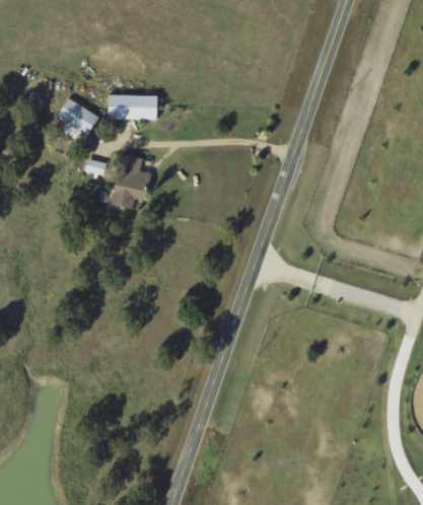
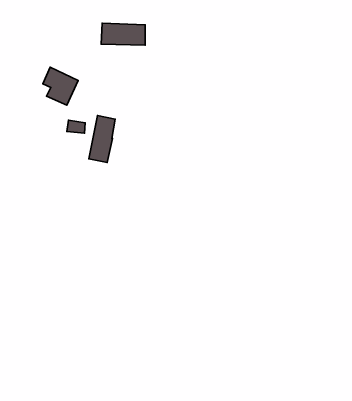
building: [109,94,159,120] -> [101,23,145,45]

